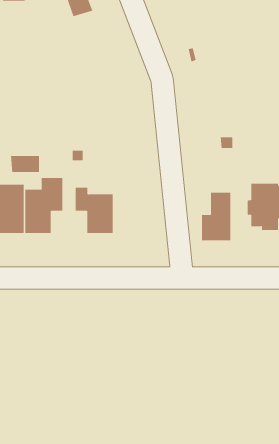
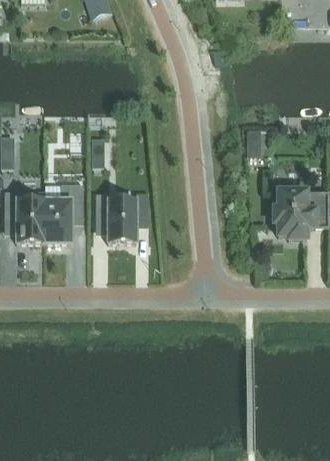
building: [10,155,39,173] -> none
building: [201,192,231,241] -> none

